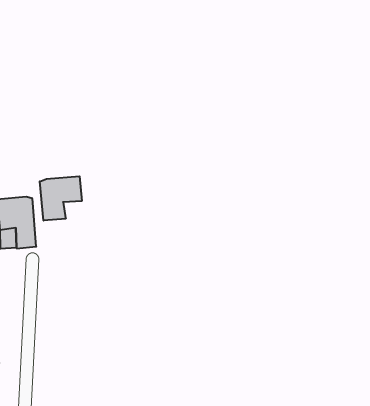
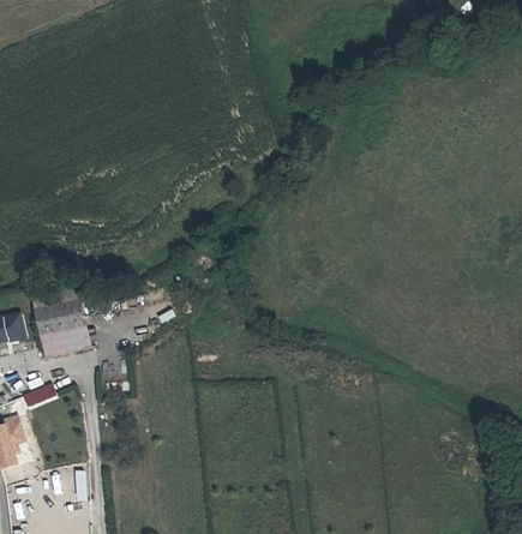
building: [40,176,82,221] -> none

